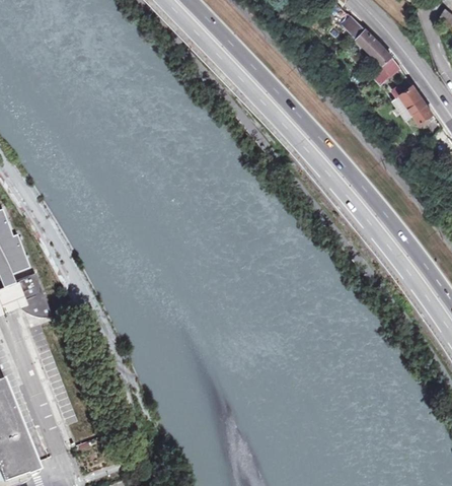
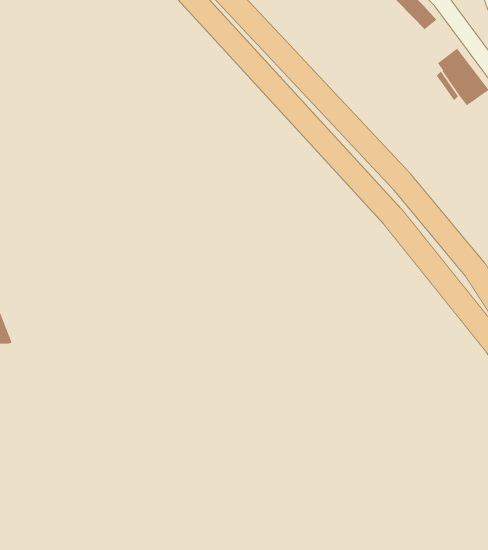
building: [371,58,399,86] -> none

